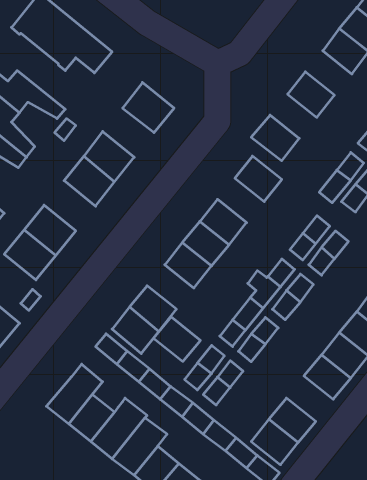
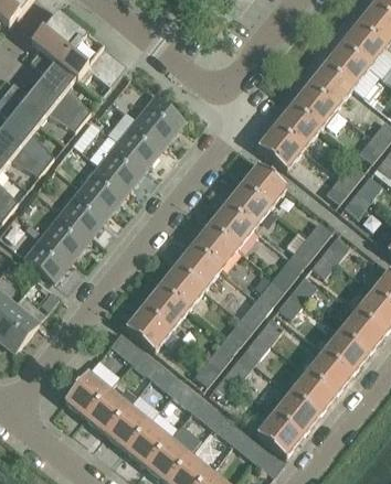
building: none -> [30,49,89,120]
building: none -> [308,65,352,107]
building: none -> [275,106,319,148]
building: none -> [117,119,166,165]
building: none -> [225,185,270,227]
building: none -> [62,187,110,235]
building: [154,317,200,361] -> [159,267,203,309]
building: none -> [290,372,335,415]

